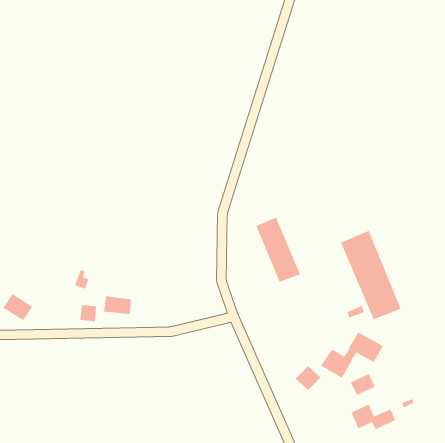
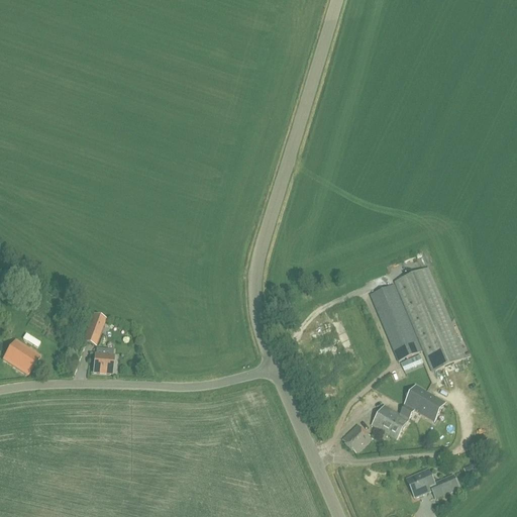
building: [255,217,301,282] -> [370,283,422,358]
building: [103,295,132,315] -> none
building: [350,373,375,395] -> none

